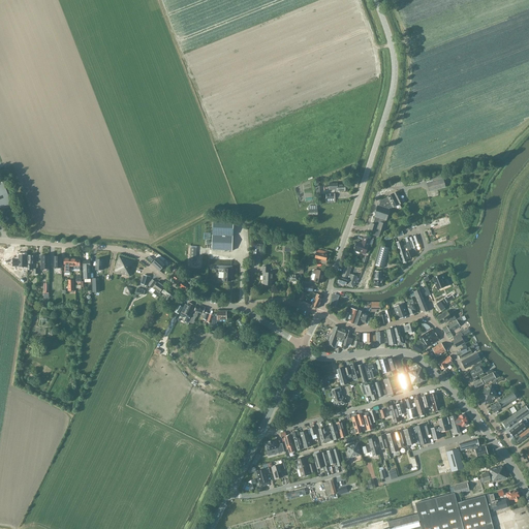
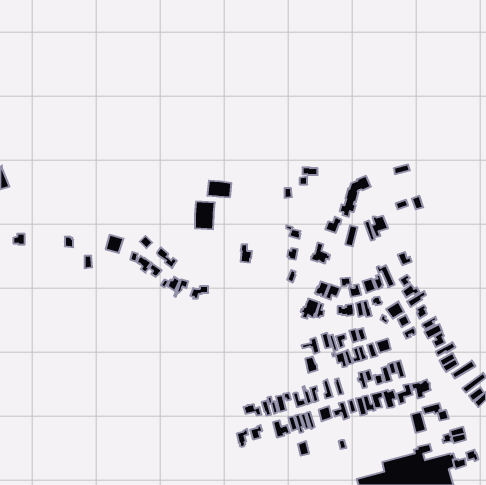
building: none -> [208,180,231,197]

